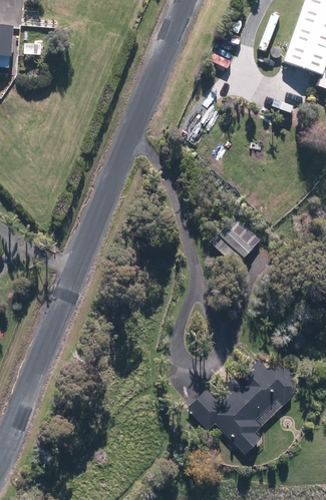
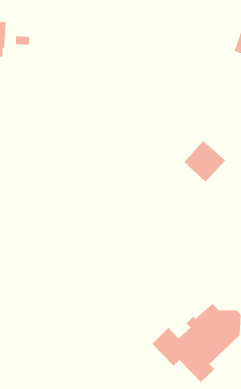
building: [210,215,260,266] -> [184,140,226,182]

